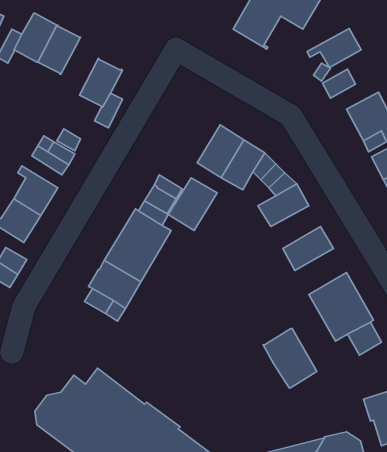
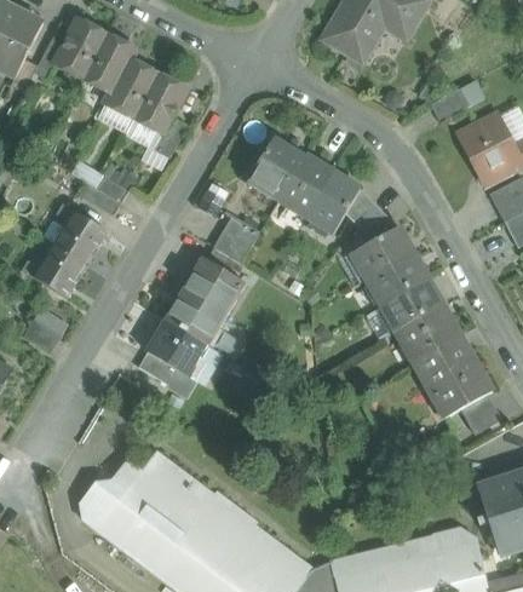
building: [307,28,361,68] -> none
building: none -> [98,59,157,133]
building: [168,178,217,231] -> [246,137,305,201]
building: none -> [367,253,427,305]
building: none -> [396,305,459,361]
building: [263,329,317,388] -> none

